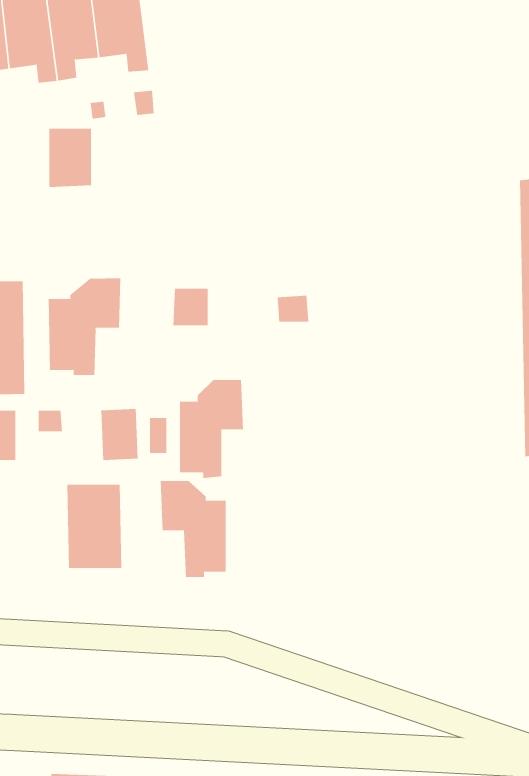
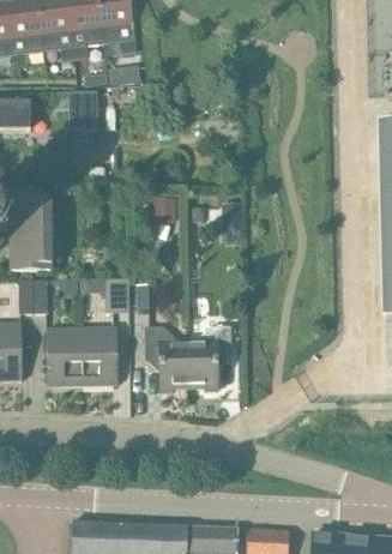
building: [48,278,121,376] -> none
building: [179,379,244,478] -> [188,324,231,390]
building: none -> [47,327,83,385]

